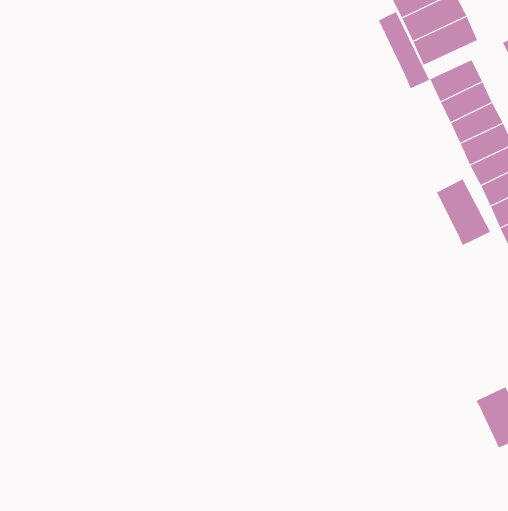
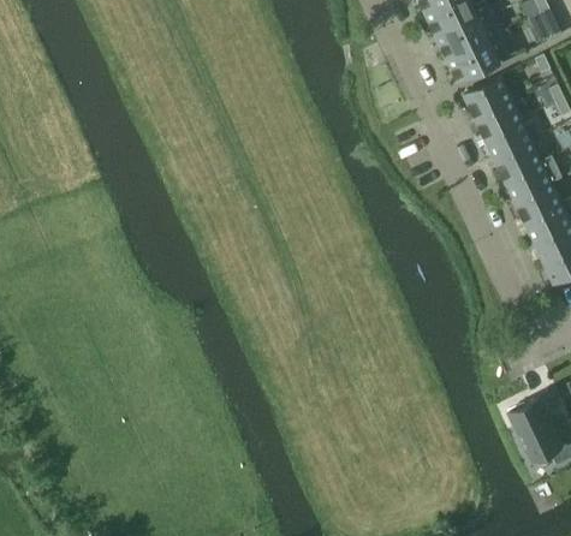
building: [378,11,430,89] -> none
building: [436,179,491,246] -> none

